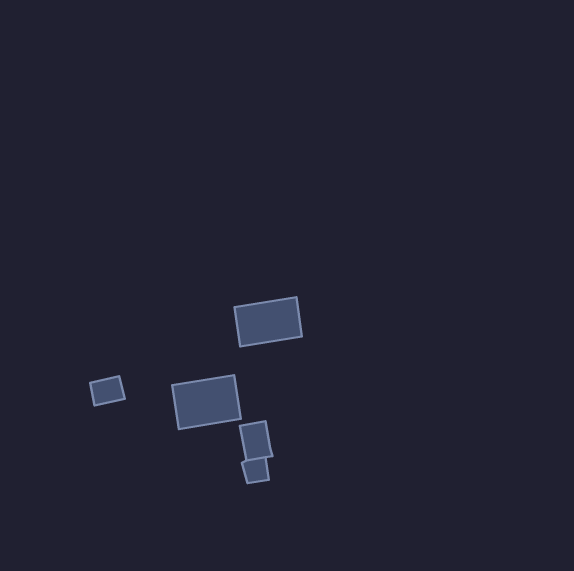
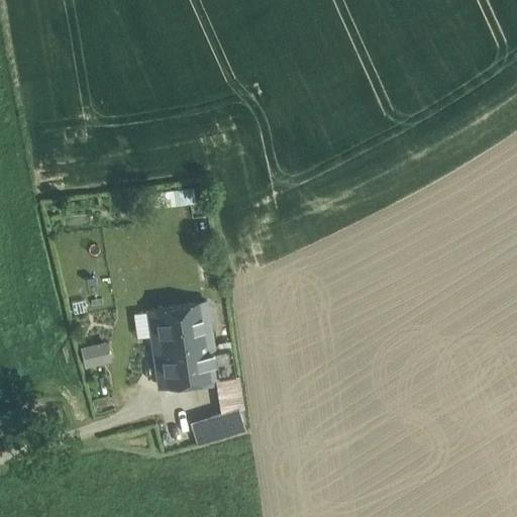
building: [234,297,302,347] -> [150,305,211,349]
building: none -> [193,419,223,445]

